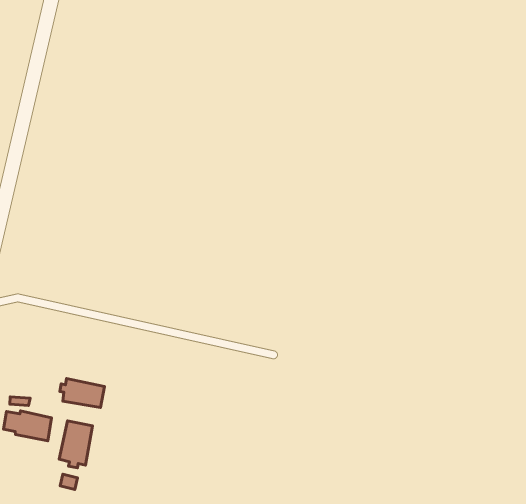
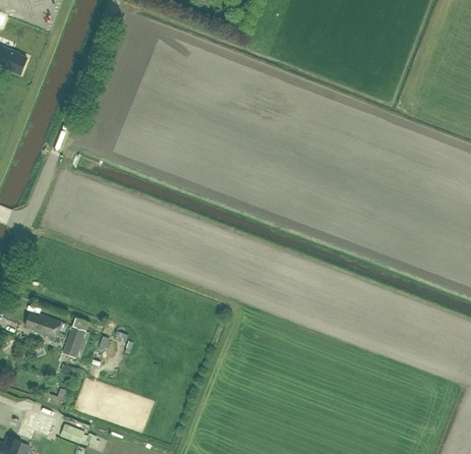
building: [60,378,105,408] -> none

